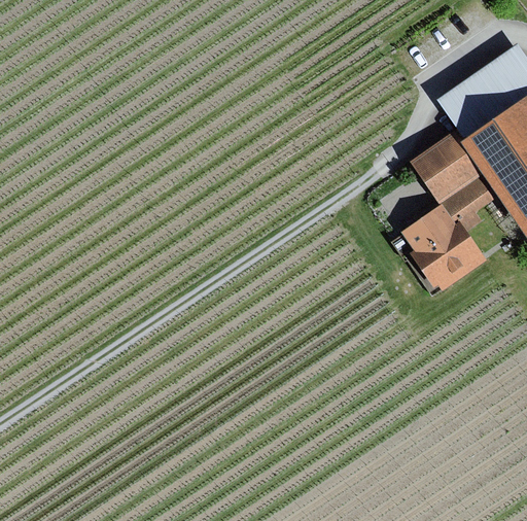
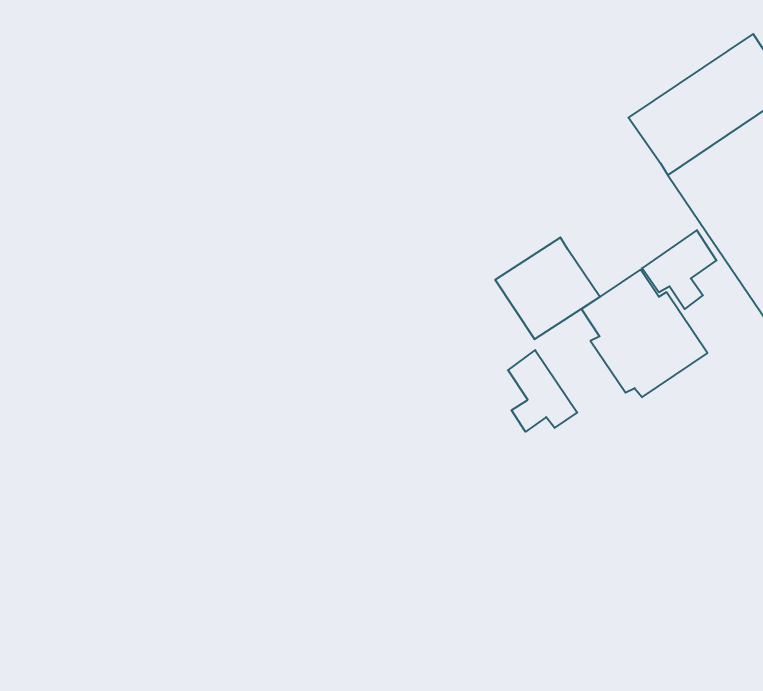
building: [411,132,482,201] -> [495,237,600,339]
building: none -> [508,350,577,432]

